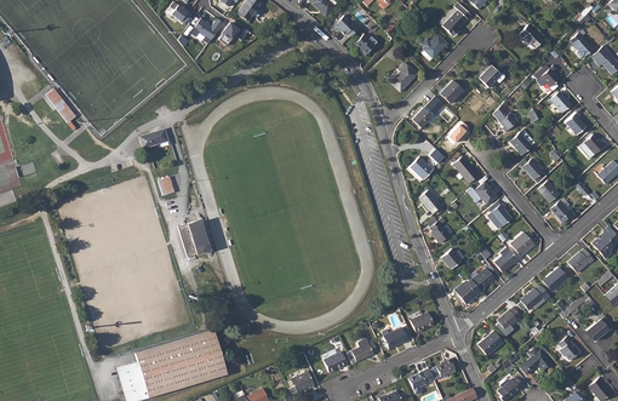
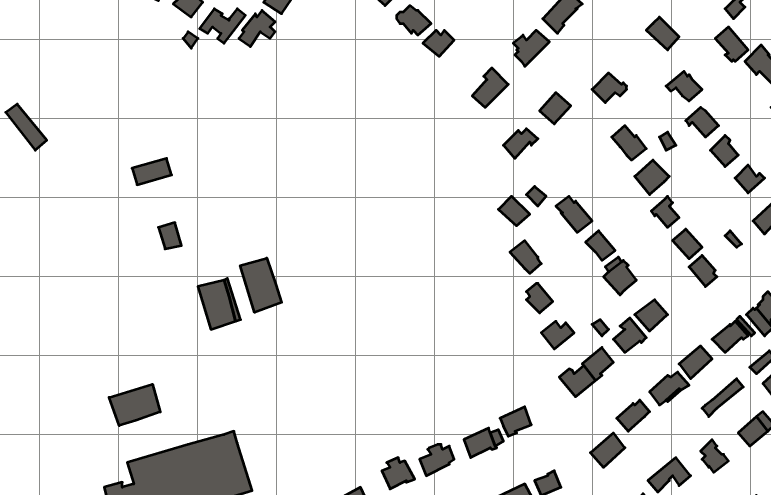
building: none -> [240,258,282,312]
building: none -> [109,384,160,426]

